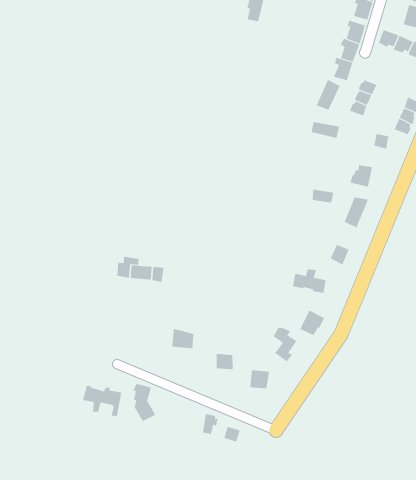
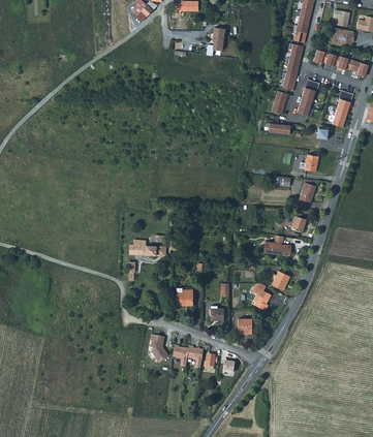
building: [82,385,122,417] -> [172,345,201,367]

